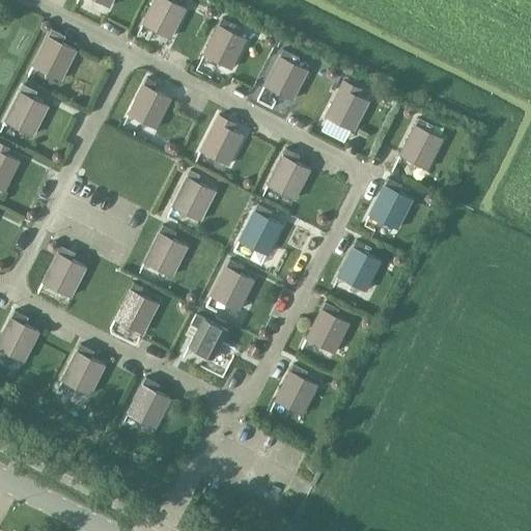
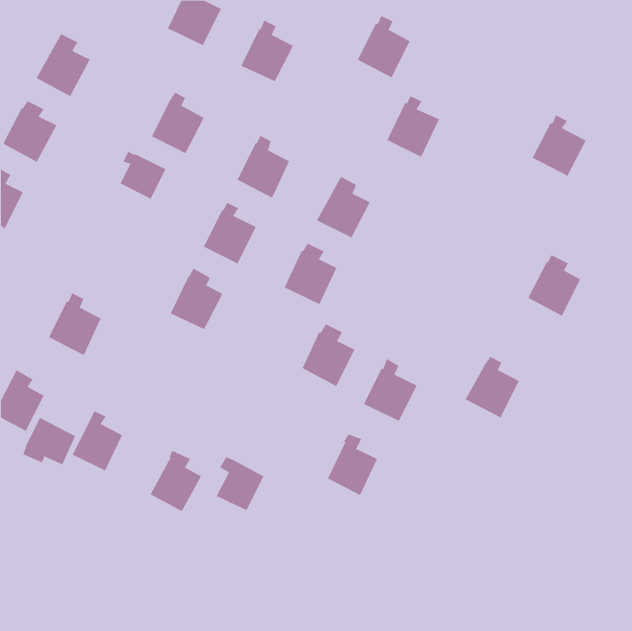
building: [263,50,308,103] -> [357,15,411,78]
building: [398,119,444,171] -> [532,114,586,176]
building: none -> [120,151,166,200]
building: [368,179,413,231] -> [528,254,581,316]
building: [336,242,382,294] -> [465,356,519,418]
building: [211,260,255,313] -> [302,324,355,387]
building: [114,284,159,336] -> none
building: [188,315,228,361] -> [216,456,264,511]
building: none -> [22,417,76,465]

